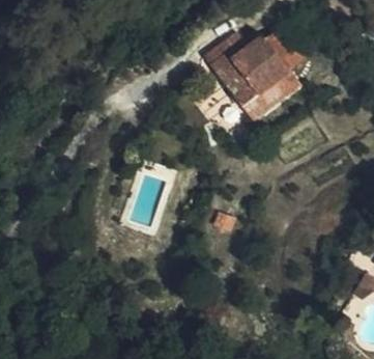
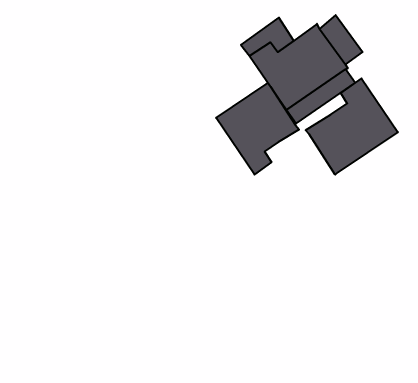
building: none -> [306,78,398,175]
building: none -> [216,83,299,175]

